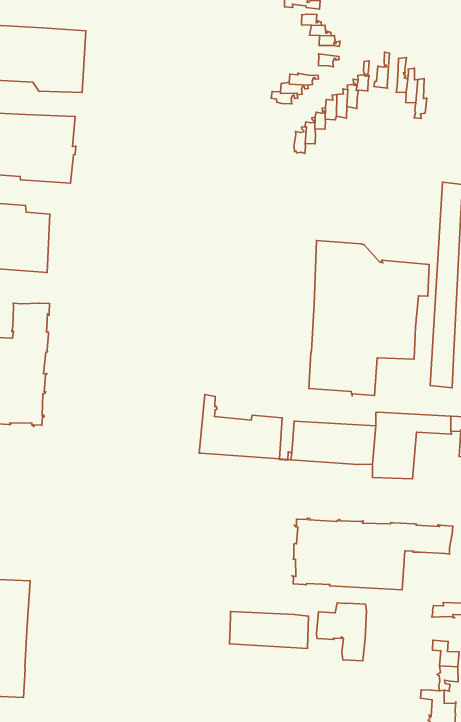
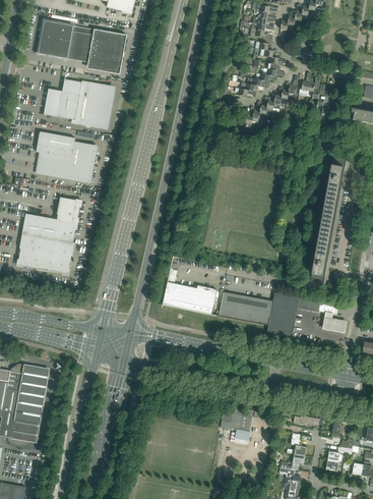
building: [309,241,429,396] -> none
building: [292,518,453,590] -> none
building: [229,611,308,649] -> none

